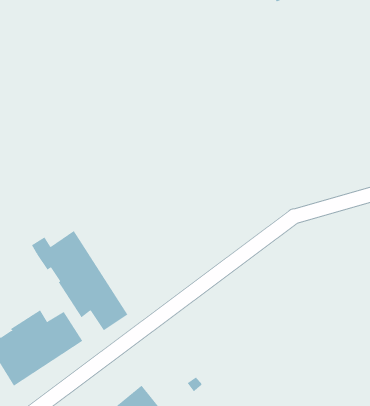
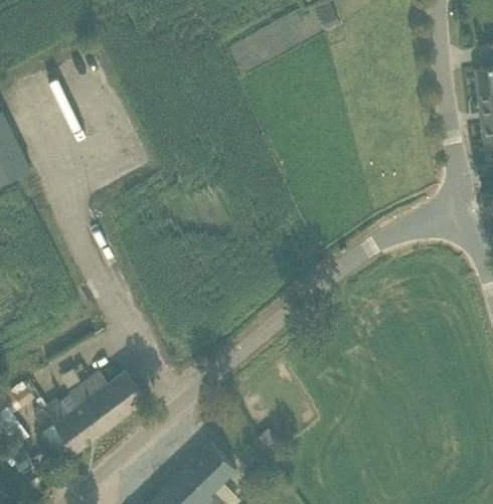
building: [31,230,128,331] -> none

